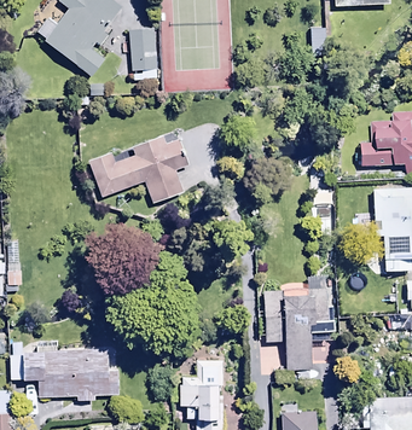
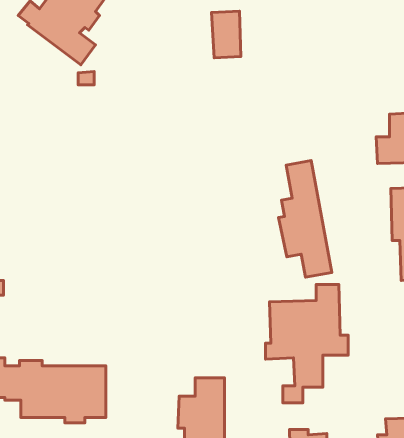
building: [130,29,157,71] -> [212,11,241,58]
building: [89,134,188,205] -> none
building: none -> [278,161,332,277]

